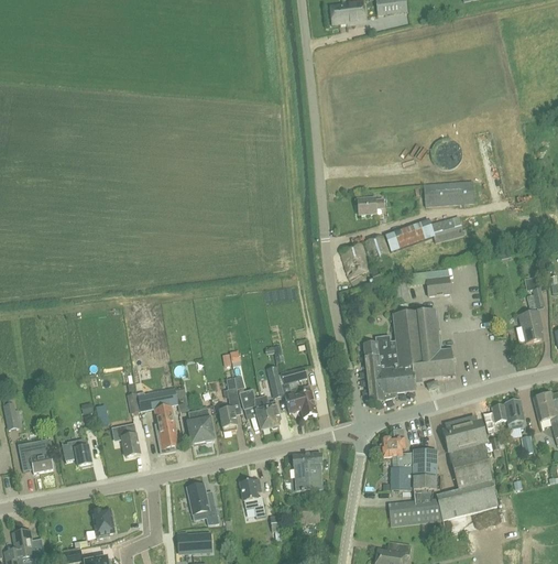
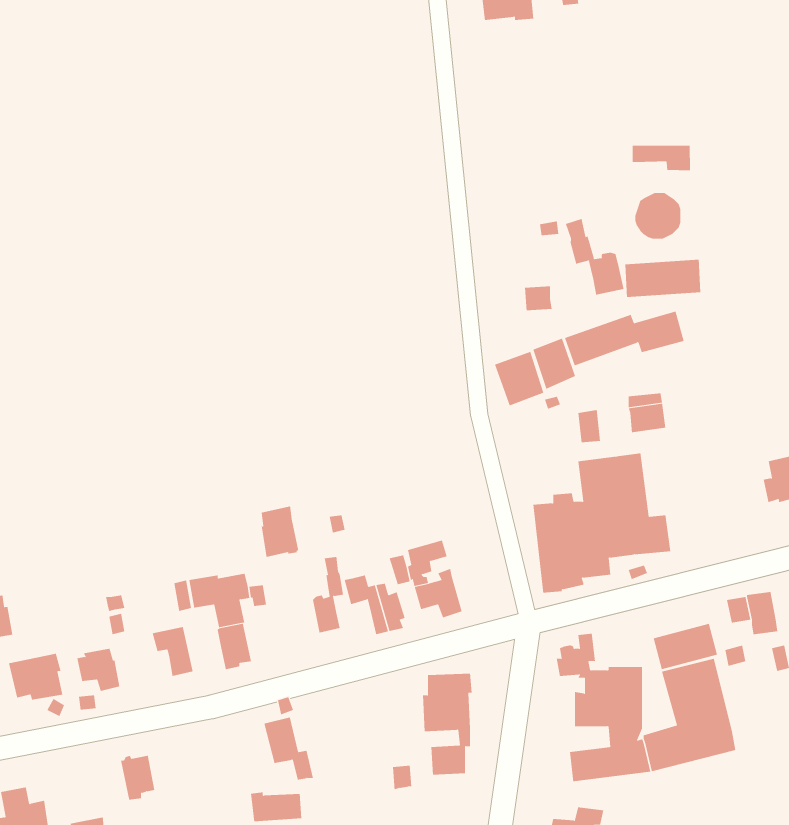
building: none -> [632,145,690,171]
building: none -> [565,218,624,296]
building: [188,409,214,443] -> [261,506,299,558]
building: [240,478,265,517] -> none

